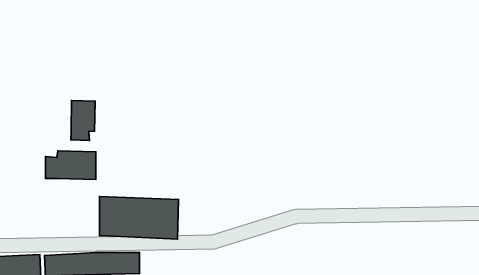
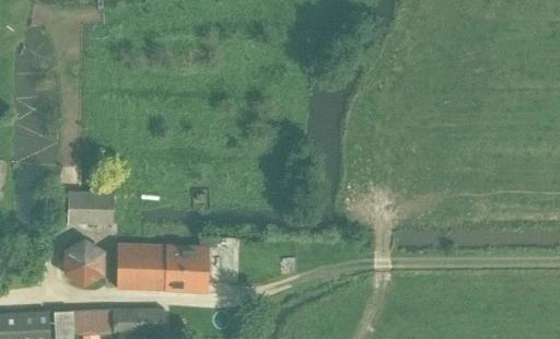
building: [71,100,95,141] -> none
building: none -> [63,237,107,284]

